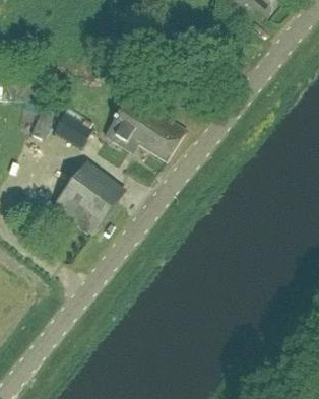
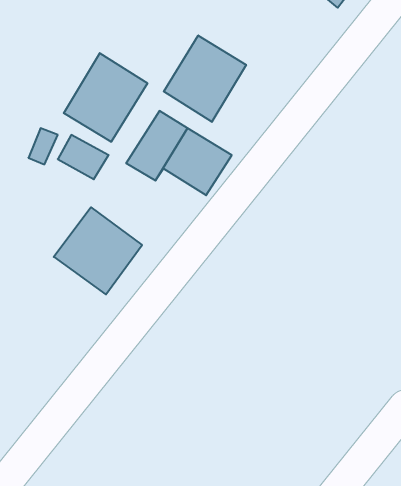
building: none -> [164,35,246,122]
building: none -> [64,53,147,142]

